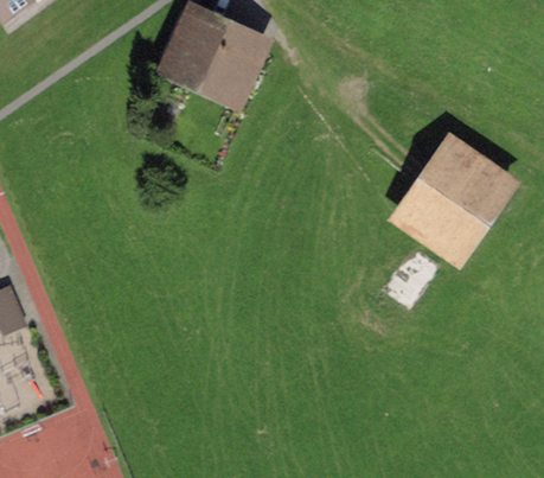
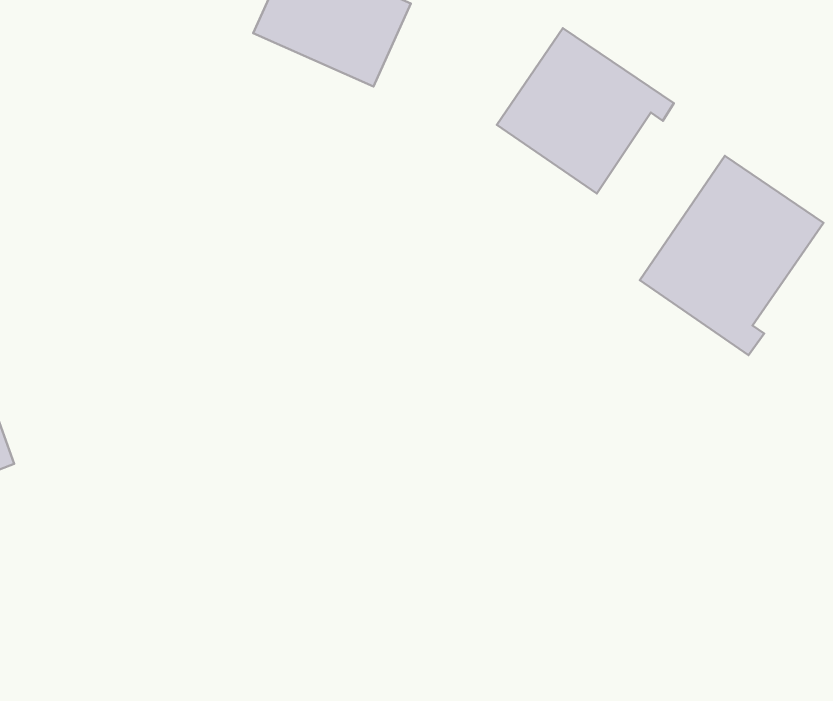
building: none -> [497,28,674,193]

